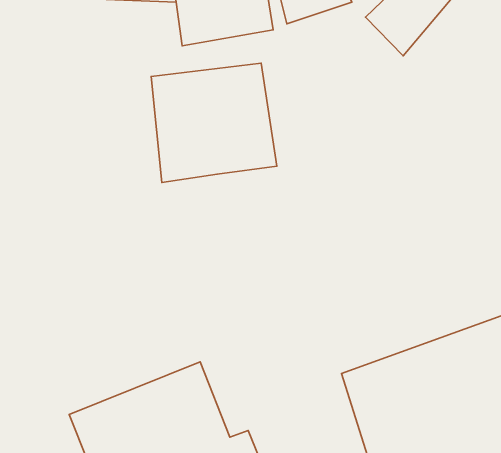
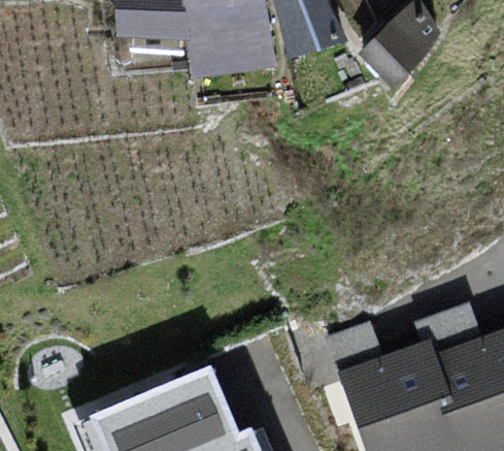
building: [151,63,277,182] -> none

